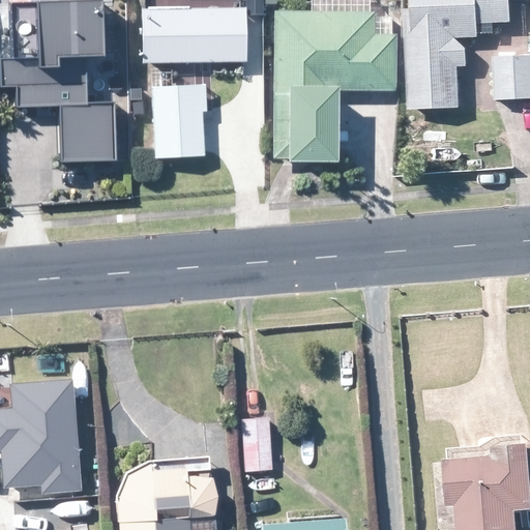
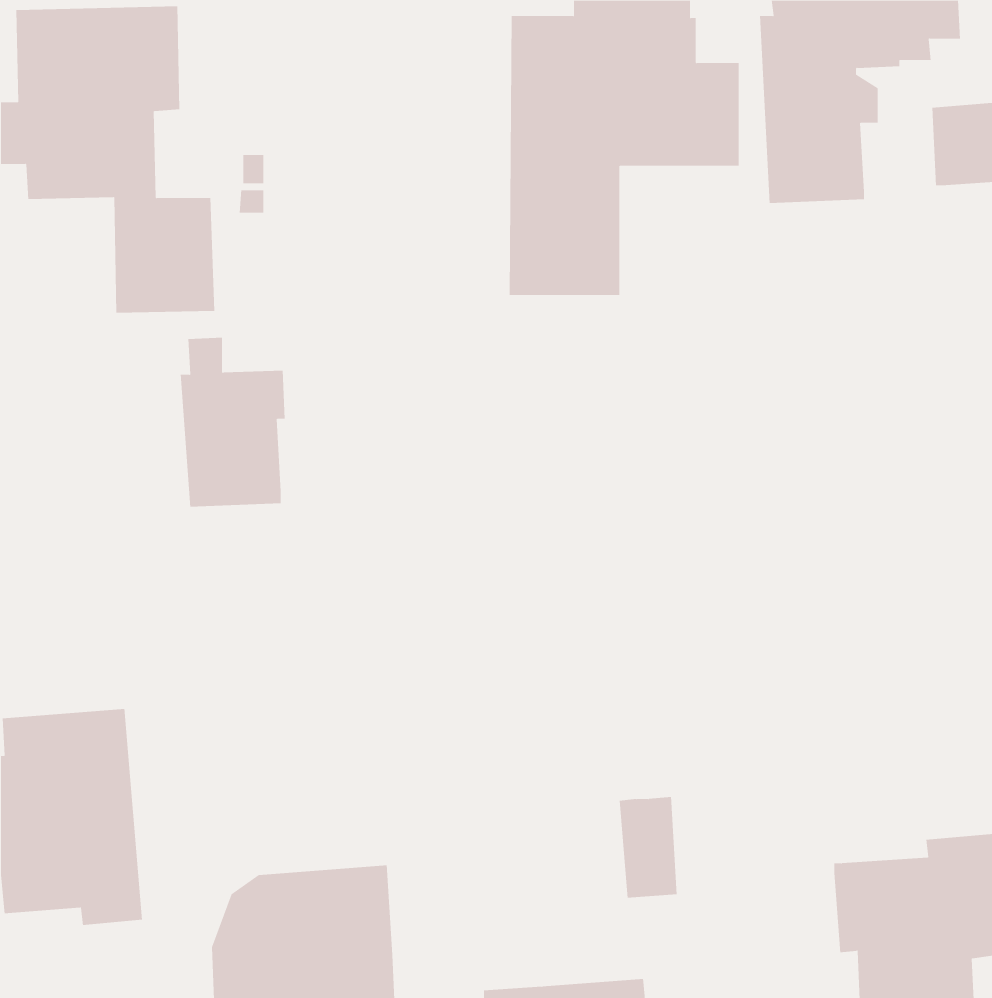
building: [141,7,247,63] -> none
building: [151,67,207,157] -> [180,337,285,507]
building: [242,417,273,471] -> [619,797,678,898]

